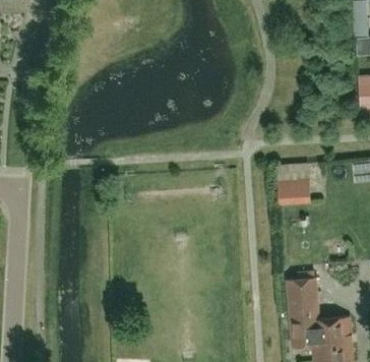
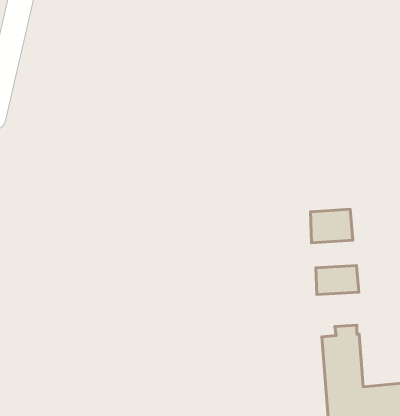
building: none -> [316,265,359,295]

